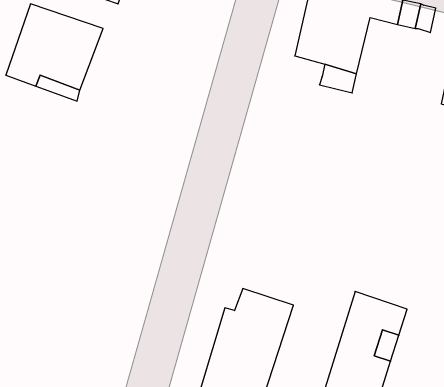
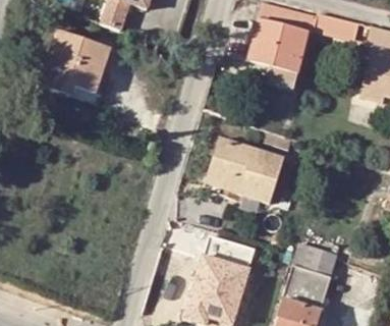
building: none -> [208,131,287,198]

